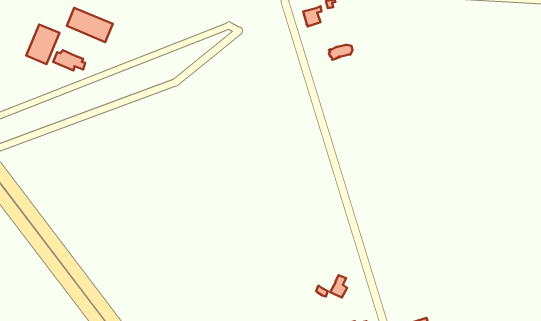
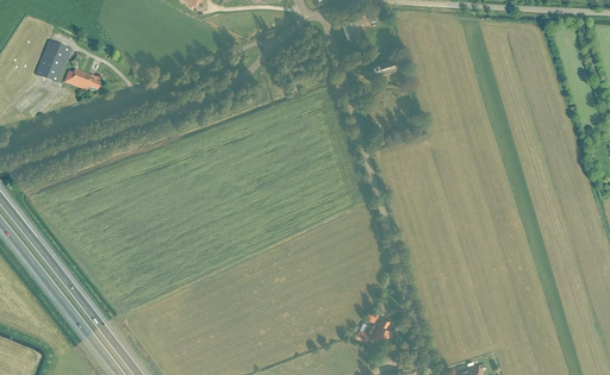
building: [67,8,113,42] -> none

